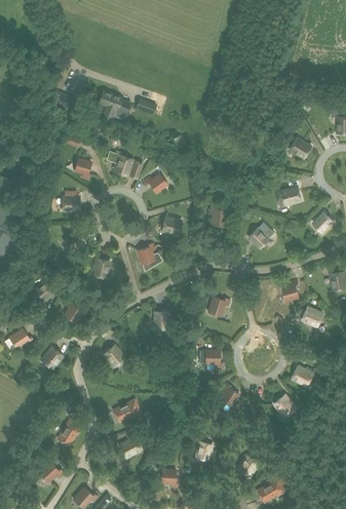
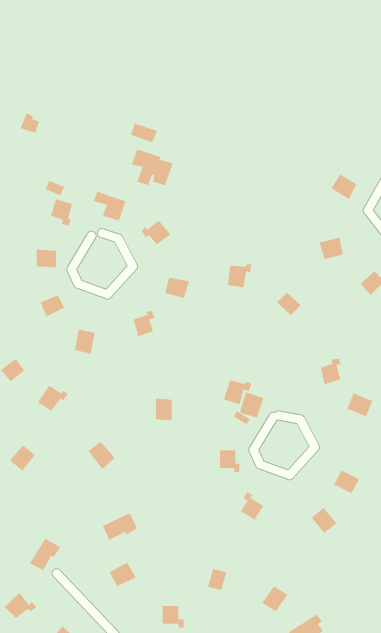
building: [98,90,130,119] -> [131,149,174,186]

